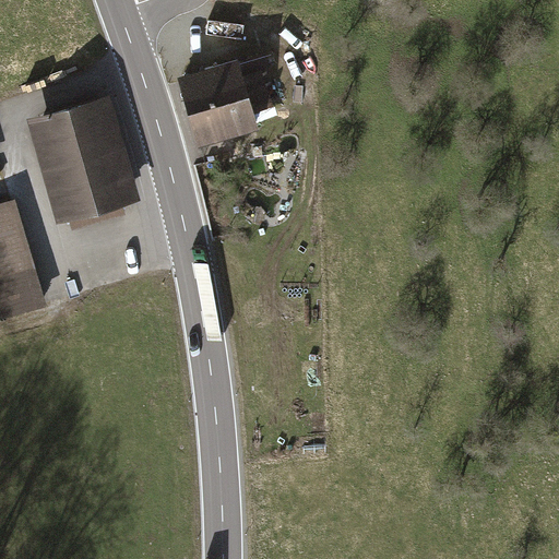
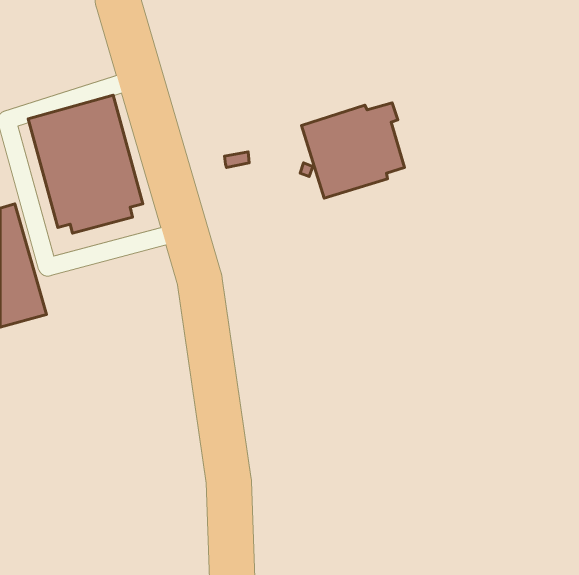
building: [177,56,276,147] -> [302,103,405,198]

